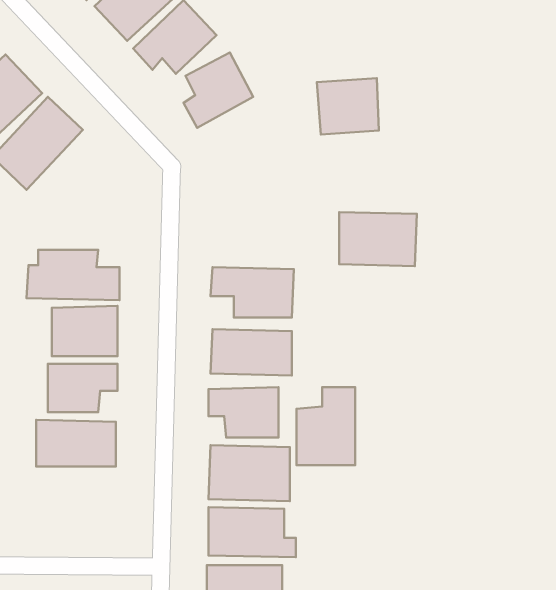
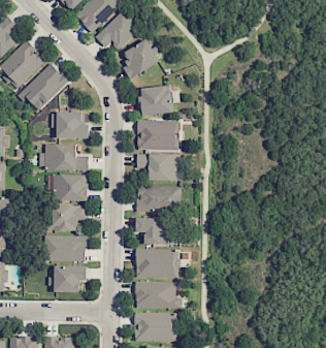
building: [317,78,379,134] -> [139,85,172,115]
building: none -> [54,112,89,137]
building: [339,212,417,266] -> [137,120,178,149]
building: [296,387,355,465] -> none
building: none -> [54,265,87,292]

